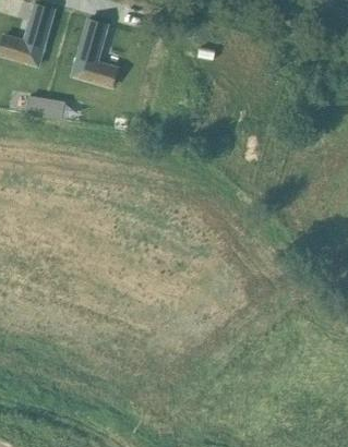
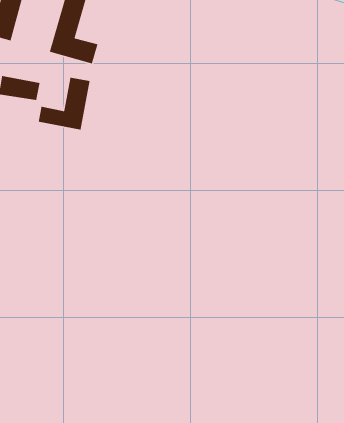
building: none -> [38,77,91,131]

